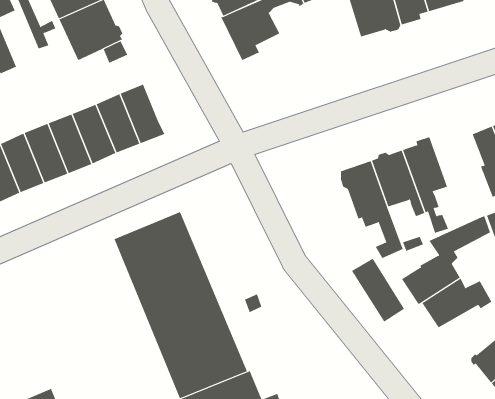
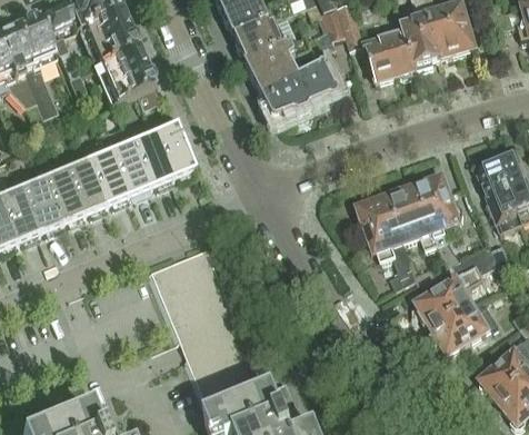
building: none -> [266,65,337,116]
building: [351,258,405,322] -> none

